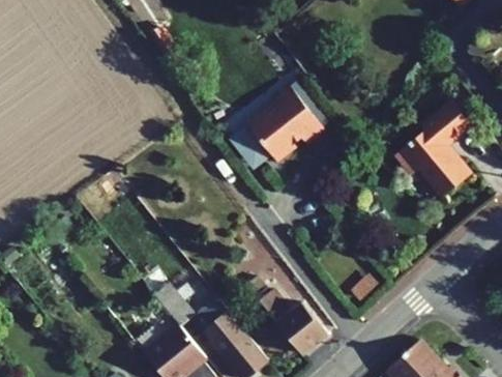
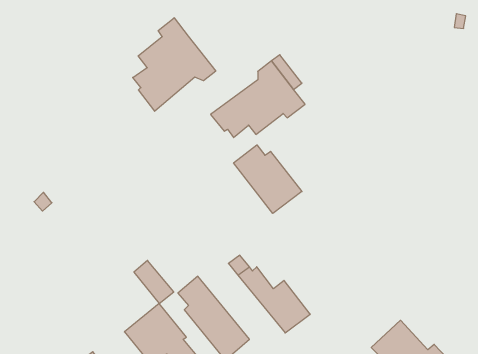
building: none -> [133,18,216,111]
building: [395,100,472,197] -> none
building: none -> [234,145,302,213]

